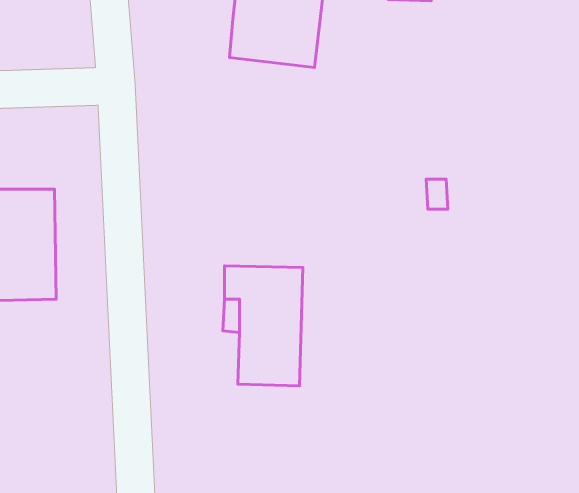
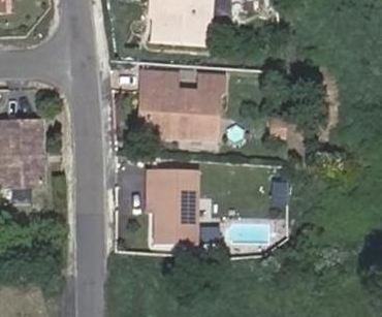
building: none -> [145,70,225,140]

